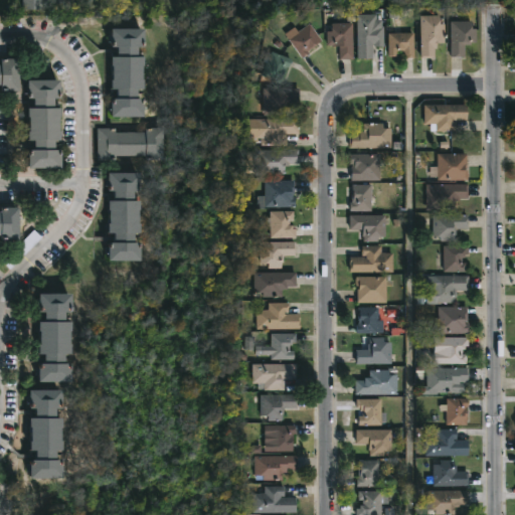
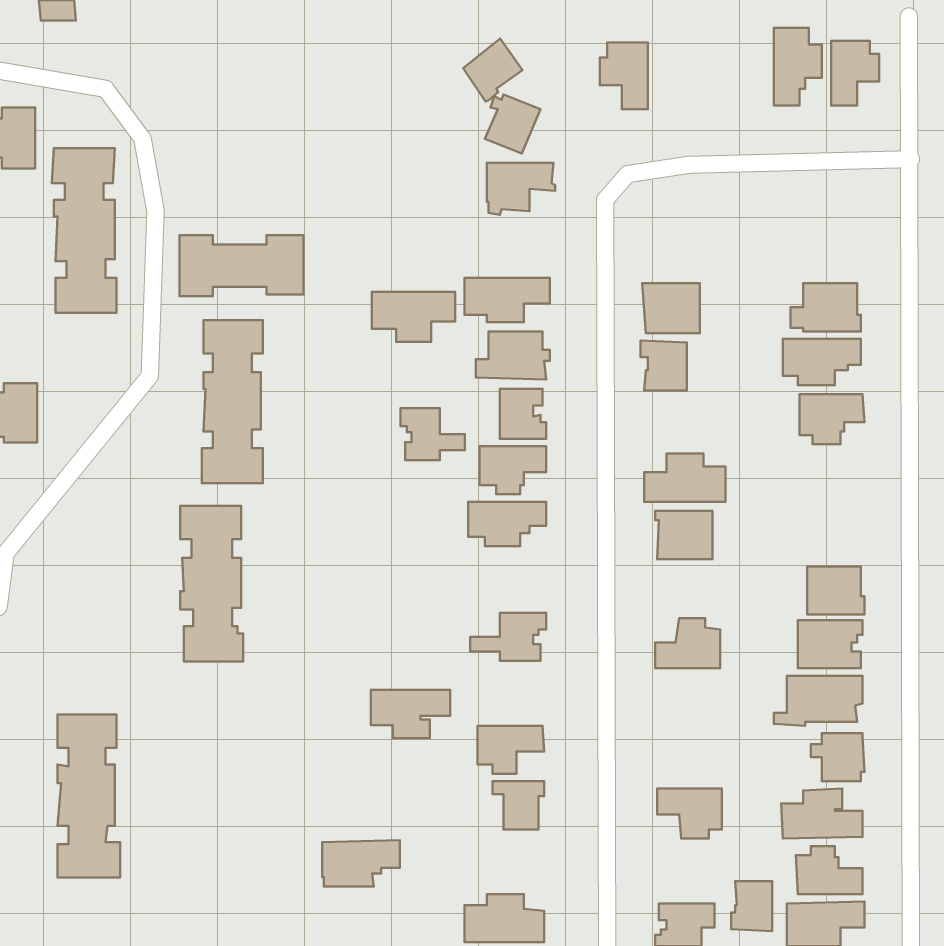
building: [358,15,385,59] -> none
building: [290,24,322,58] -> [463,39,522,102]
building: [113,29,149,118] -> none
building: [389,33,415,58] -> none
building: [424,105,469,132] -> none
building: [252,119,298,146] -> [372,292,455,342]
building: [349,124,392,148] -> none
building: [350,215,386,242] -> none
building: none -> [401,408,465,460]
building: [444,245,469,273] -> none
building: [432,277,469,305] -> none
building: [40,296,74,380] -> [180,506,243,661]
building: [258,303,301,329] -> none
building: [356,306,384,333] -> none
building: [253,364,297,390] -> [371,690,450,738]
building: [355,368,397,394] -> none
building: [356,398,387,424] -> none
building: [254,455,297,480] -> [322,840,400,886]
building: [356,461,378,488] -> [731,881,772,931]

